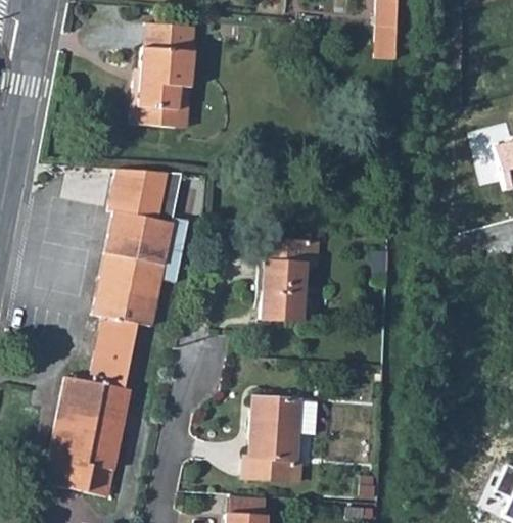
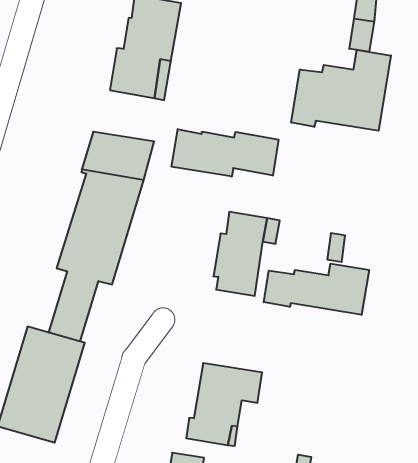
building: none -> [291,50,391,131]
building: none -> [172,129,279,177]
building: none -> [264,264,369,315]

